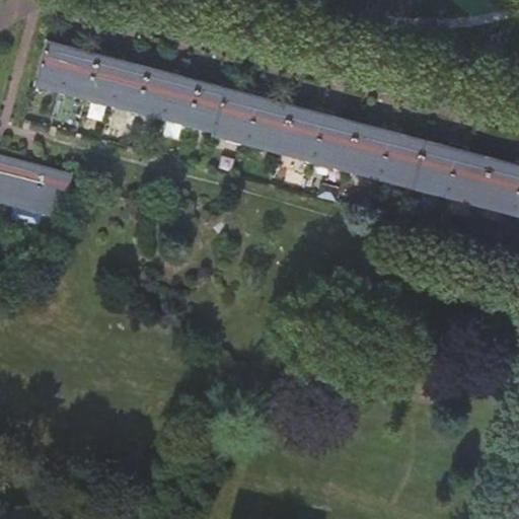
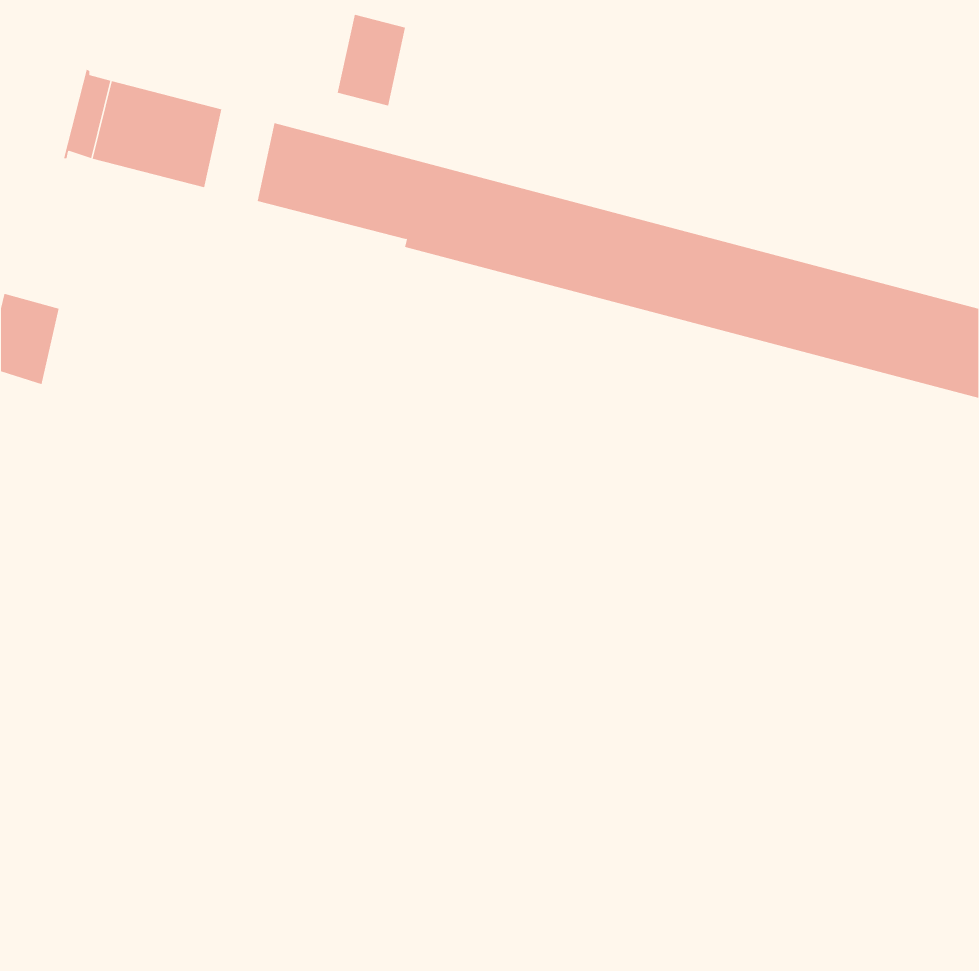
building: [108,62,145,110] -> [337,14,406,106]
building: [22,167,74,217] -> none

